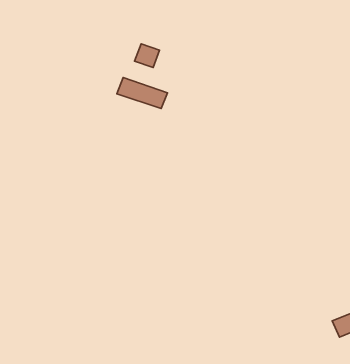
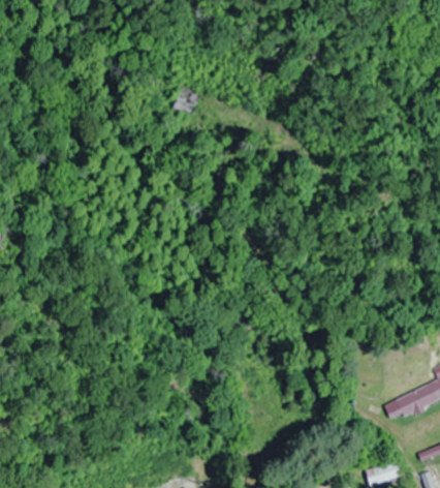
building: [117,77,167,108] -> none

